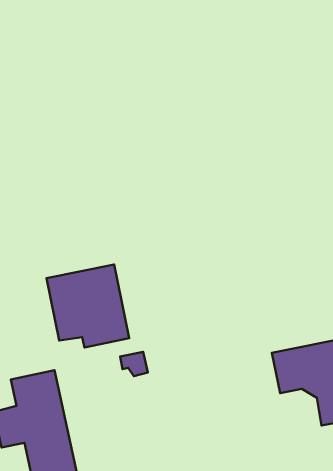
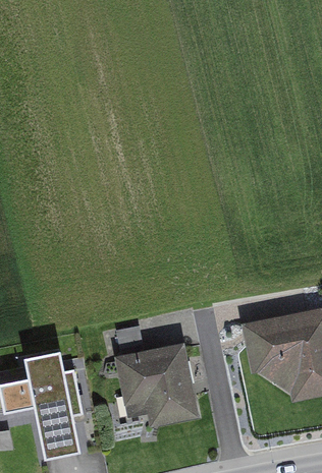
building: [46,264,129,347] -> [118,349,192,422]

